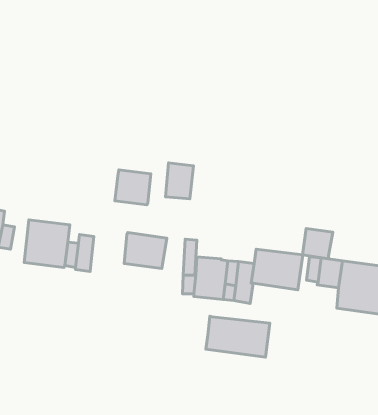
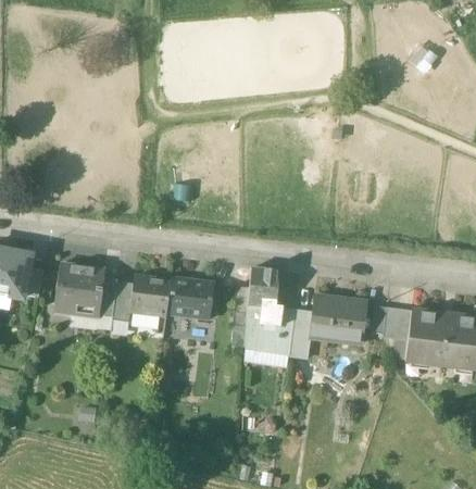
building: [165,163,194,199] -> [249,267,280,308]
building: [115,170,151,205] -> [130,276,171,315]
building: [302,228,333,259] -> none
building: [206,316,270,357] -> none

